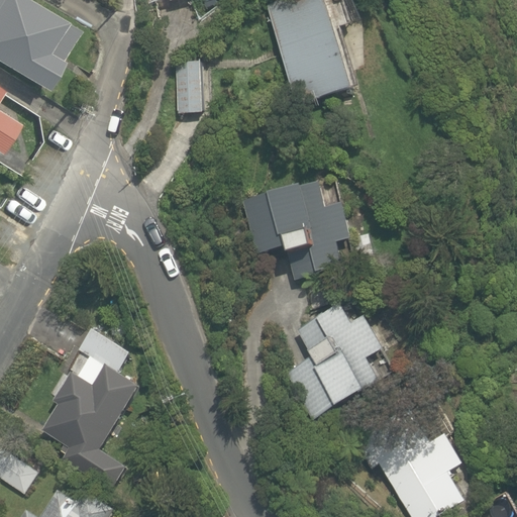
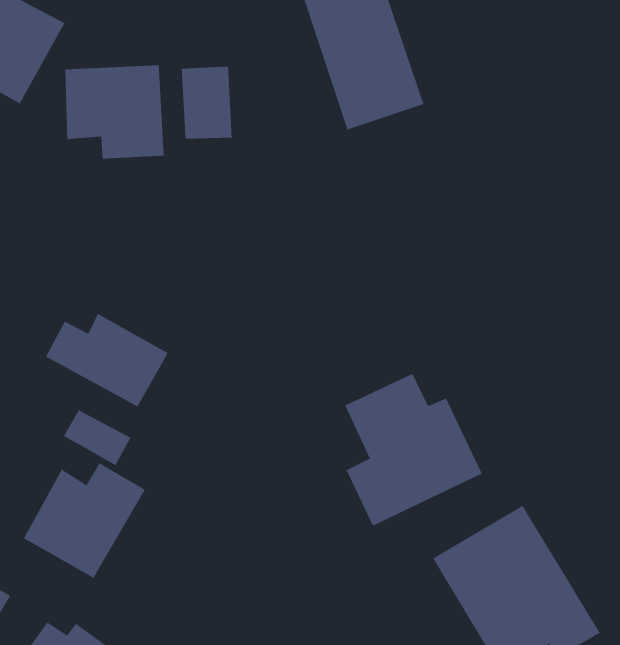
building: none -> [64,65,164,160]
building: [236,180,366,281] -> none
building: none -> [45,313,169,407]

